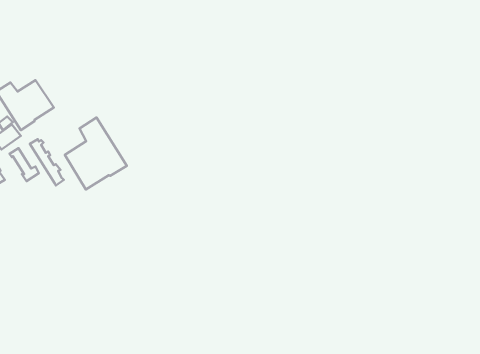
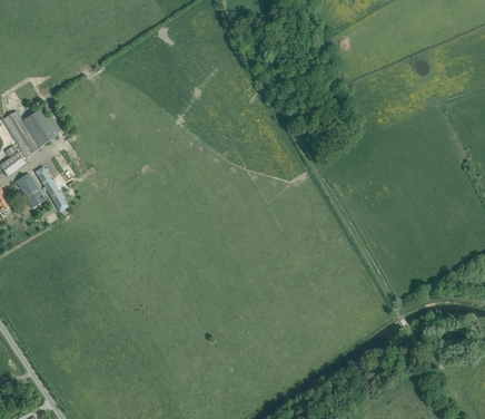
building: [65,117,127,190] -> none

